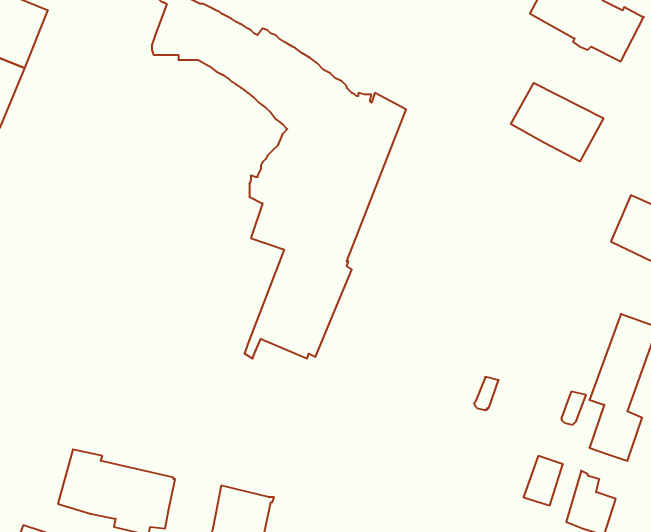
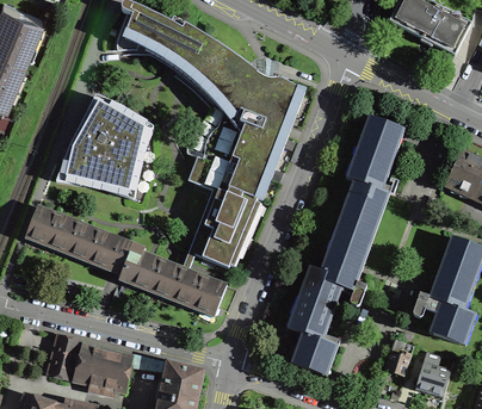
building: [511,83,603,161] -> none
building: none -> [57,97,153,199]
building: none -> [292,118,401,374]
building: none -> [27,206,227,314]

